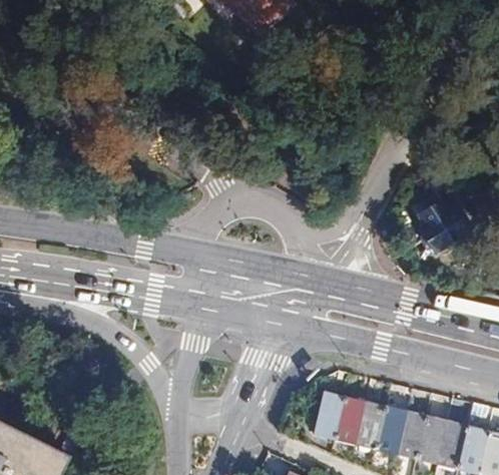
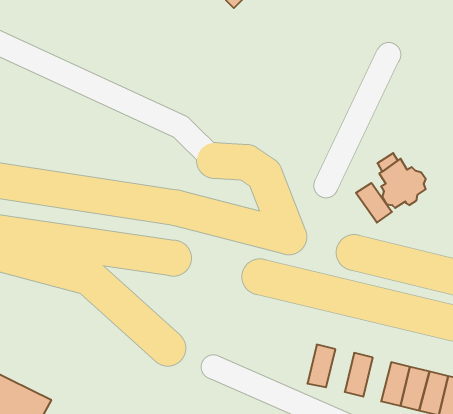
building: none -> [356,183,392,223]
building: [319,393,350,440] -> none
building: [360,403,390,449] -> none
building: [400,412,430,459] -> none

